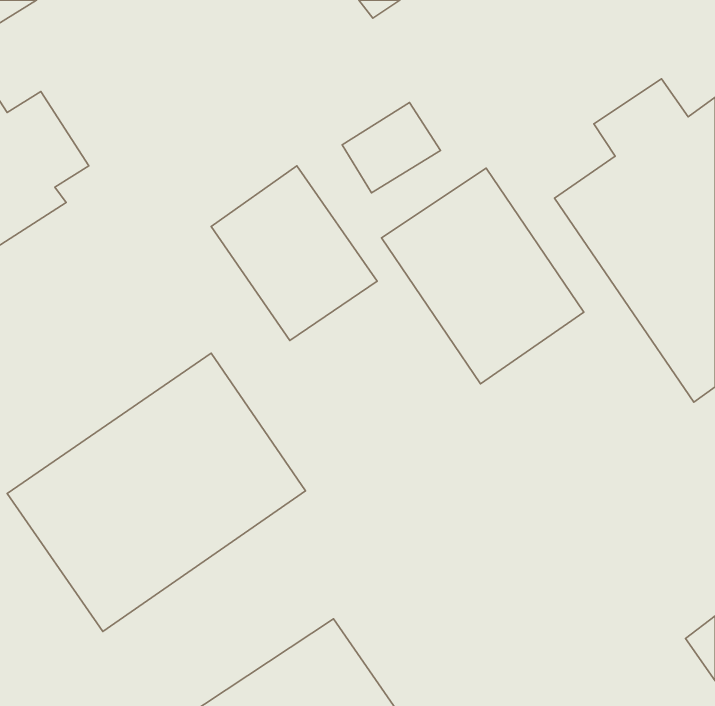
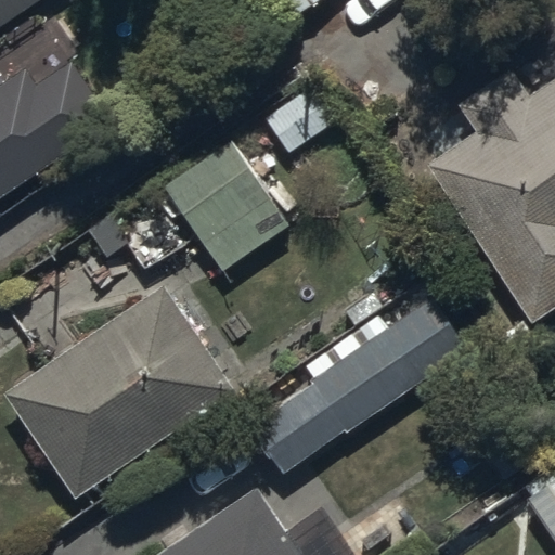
building: [382,168,584,384] -> none
building: none -> [249,304,466,476]

